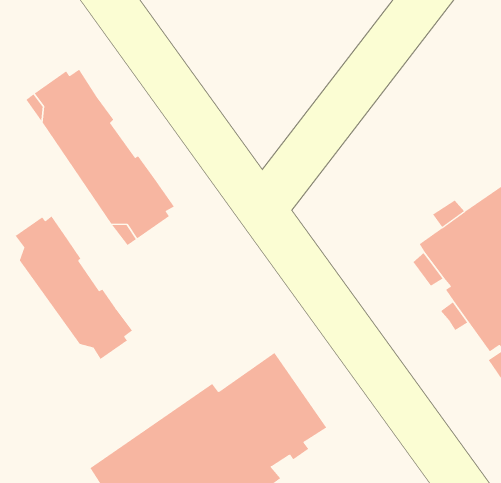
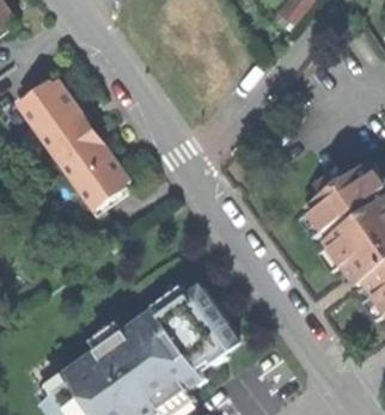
building: [15,215,133,360] -> none

